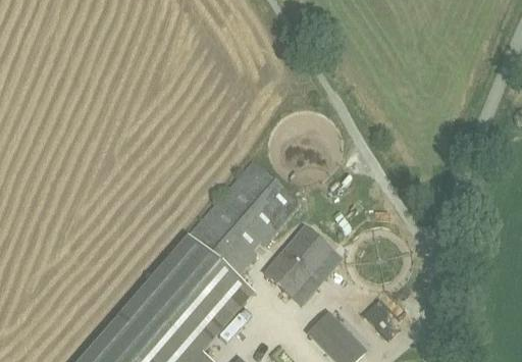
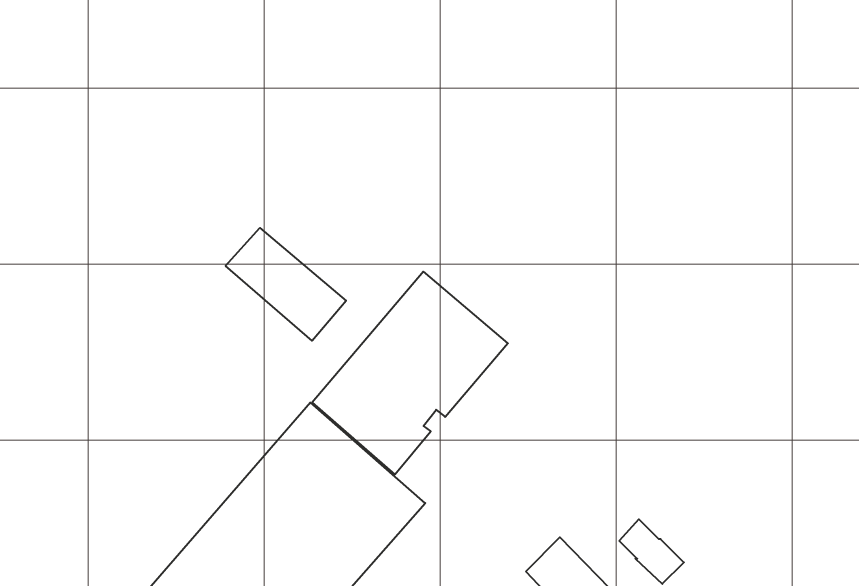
building: none -> [226,228,346,341]
building: [265,225,332,296] -> none

